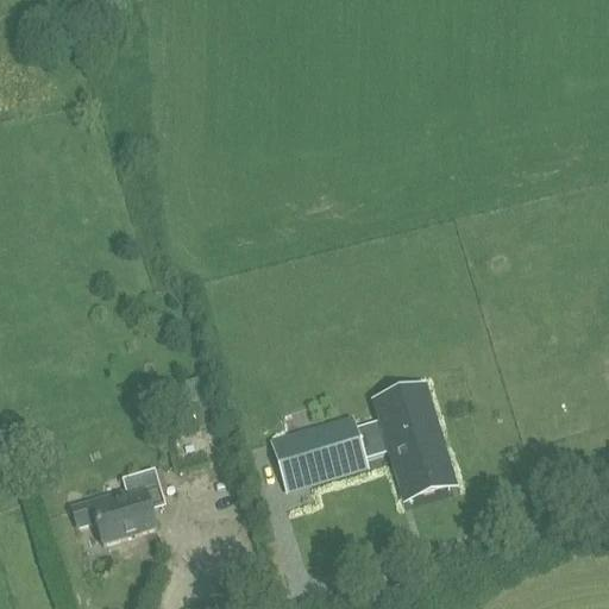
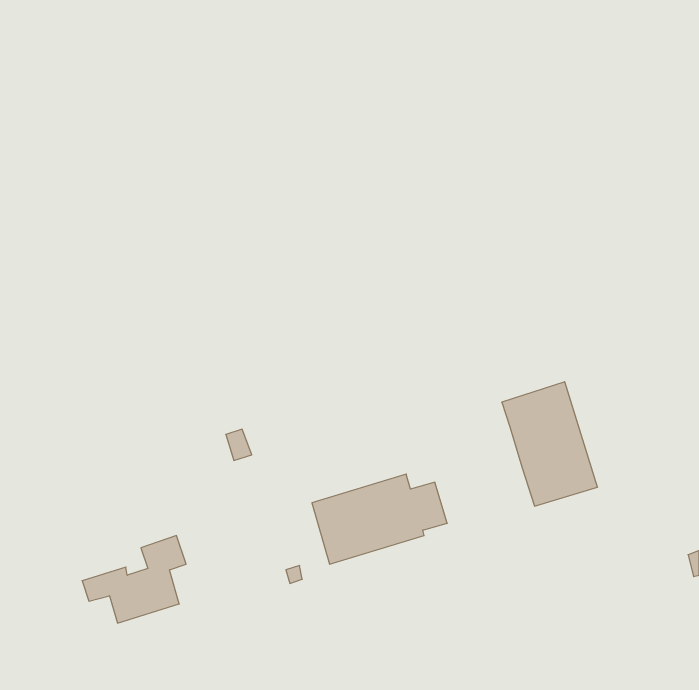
building: [371,381,454,489] -> [502,382,598,506]

